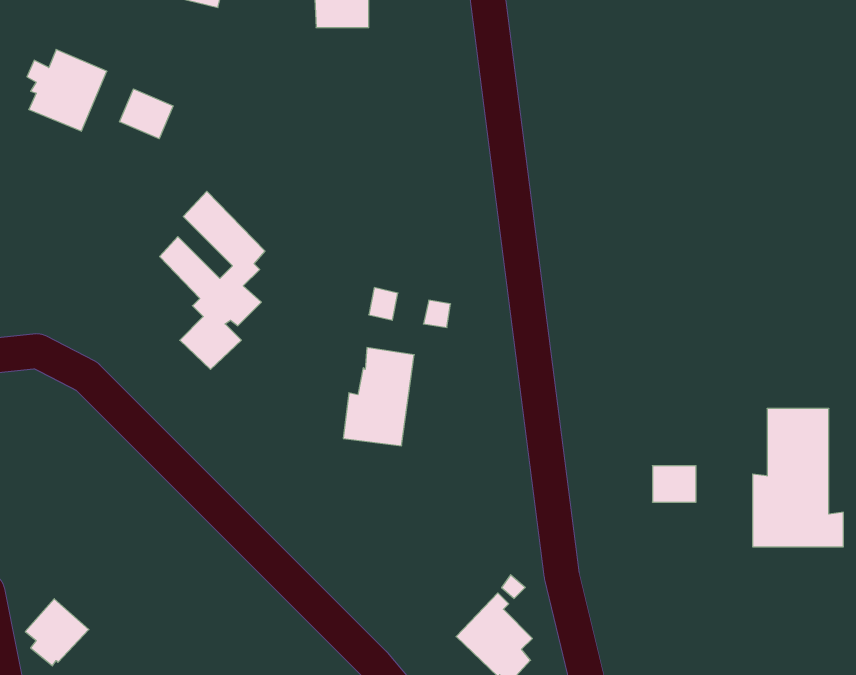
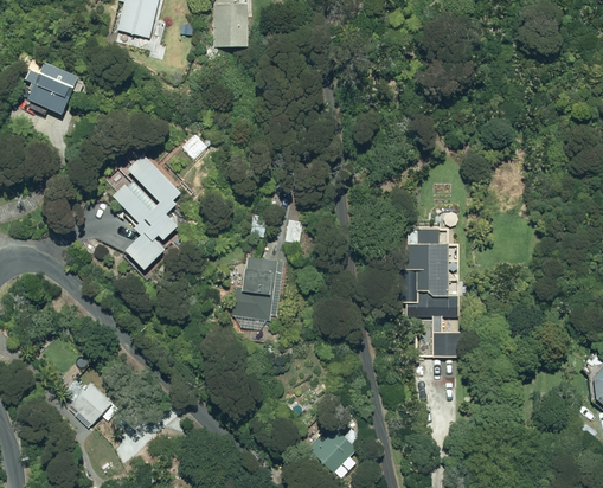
building: [120,89,173,139] -> none
building: [753,409,843,547] -> [400,226,460,316]
building: [25,599,89,666] -> [71,384,113,428]

